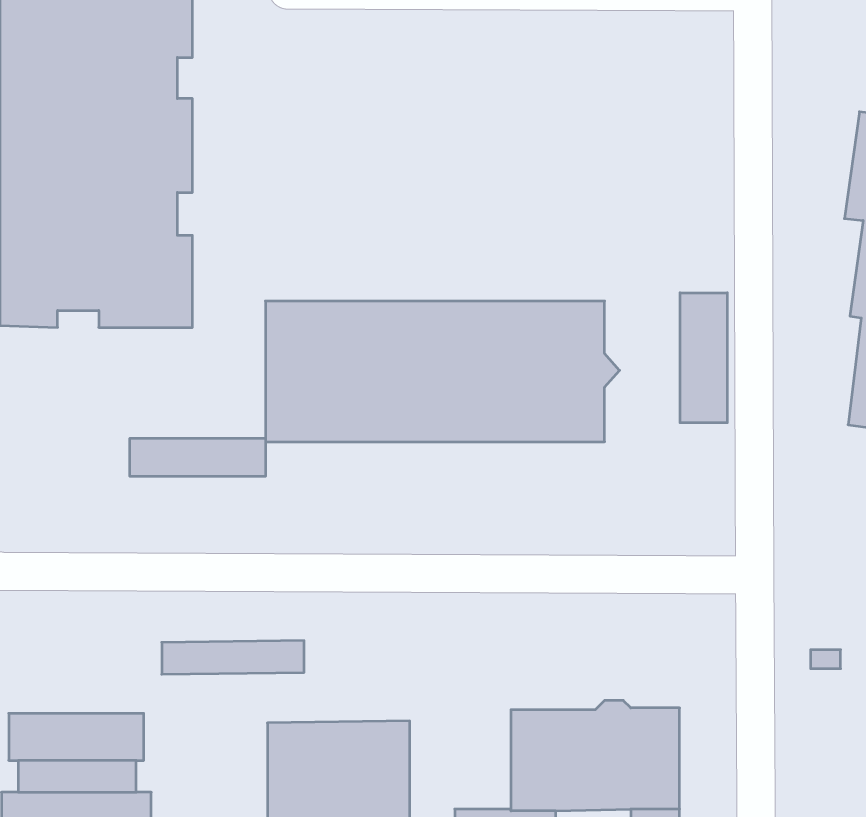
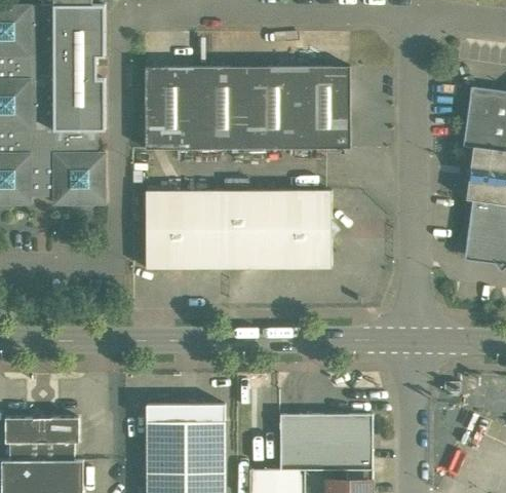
building: none -> [146,67,351,149]
building: [680,293,727,423] -> none
building: [130,438,265,476] -> none
building: [162,641,304,674] -> [147,404,225,422]

